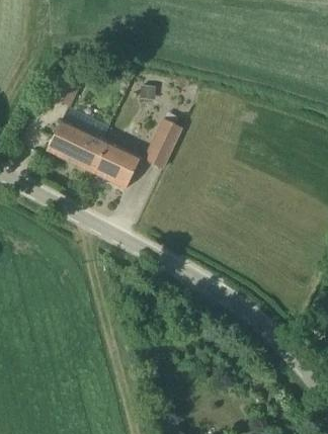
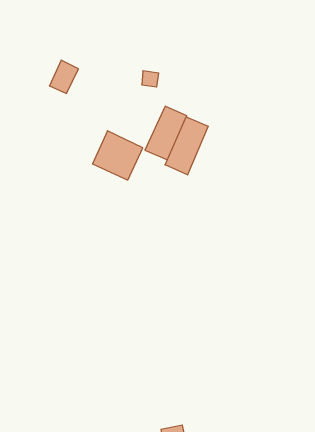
building: [48,119,107,173] -> none
building: none -> [165,117,208,175]

